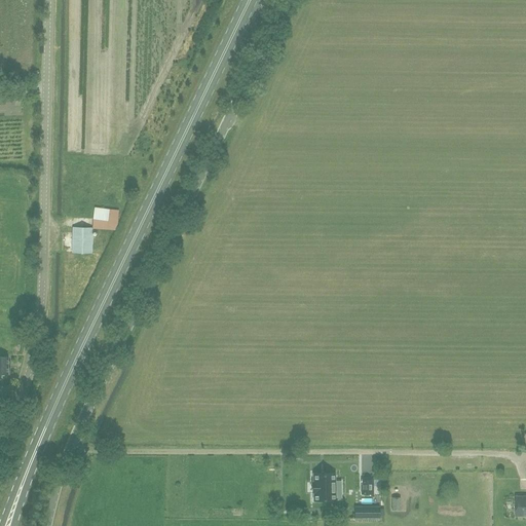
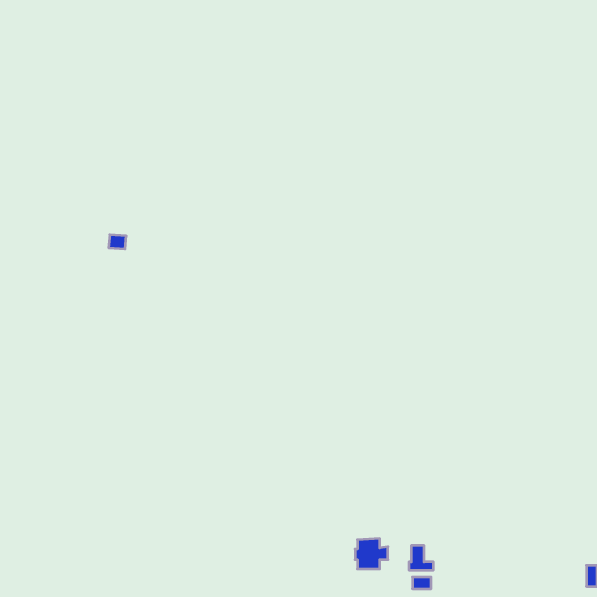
building: [72,227,92,253] -> none

